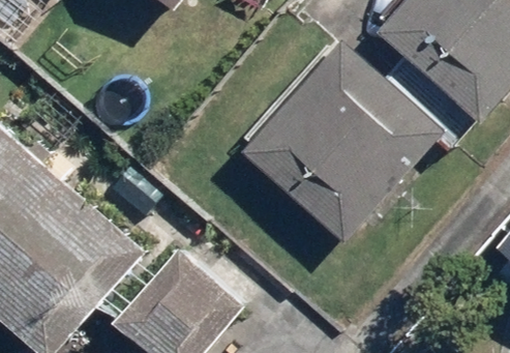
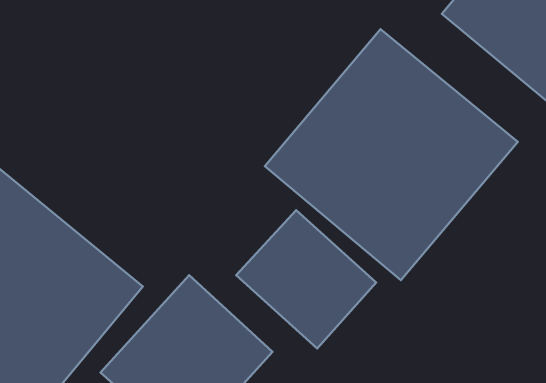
building: none -> [236,210,376,349]

